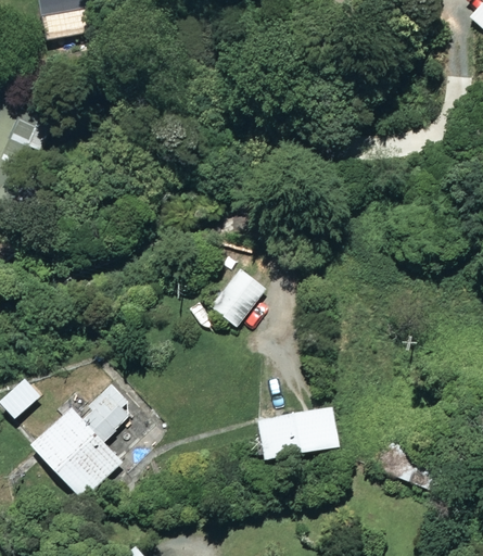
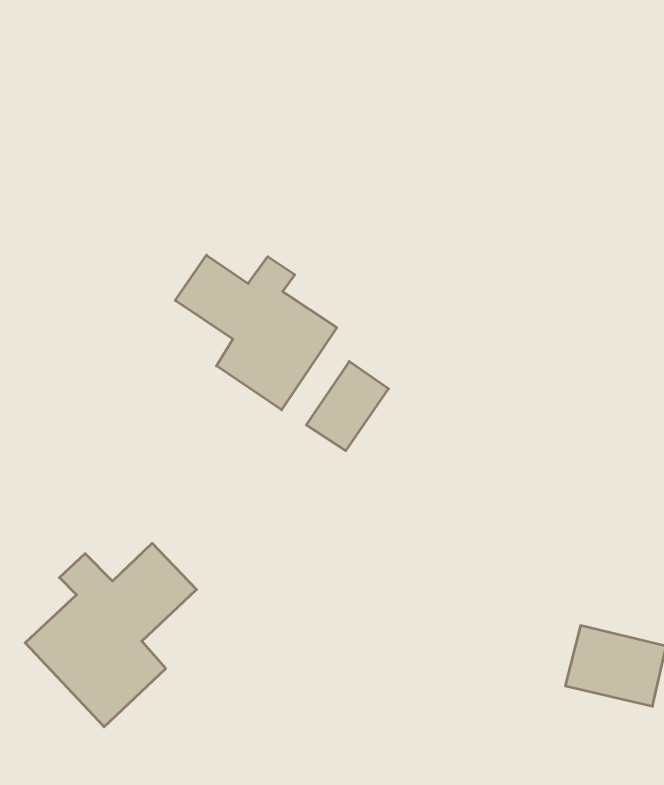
building: none -> [175,255,337,410]
building: [258,408,340,460] -> none

